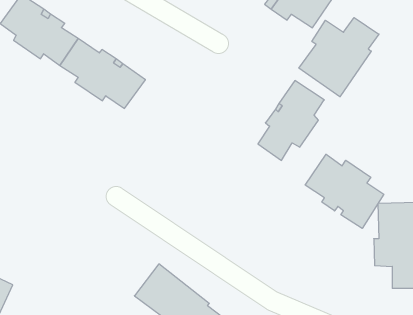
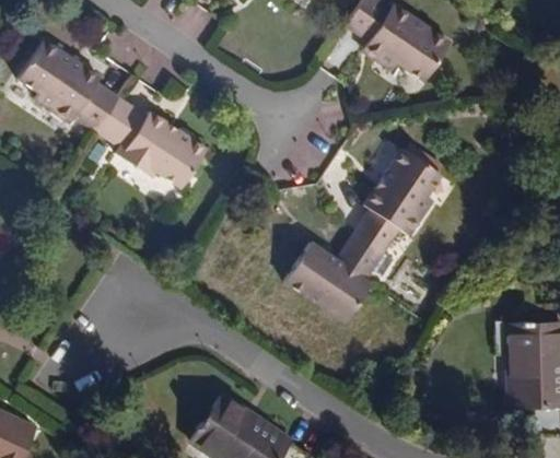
building: [299,18,379,97] -> none
building: none -> [282,234,384,325]
building: [305,154,384,228] -> none

